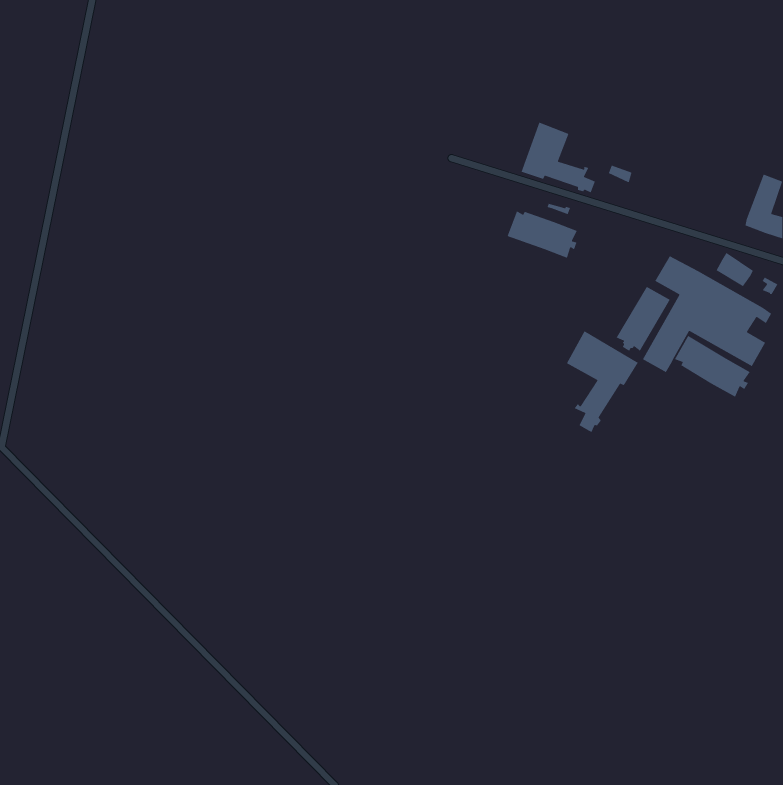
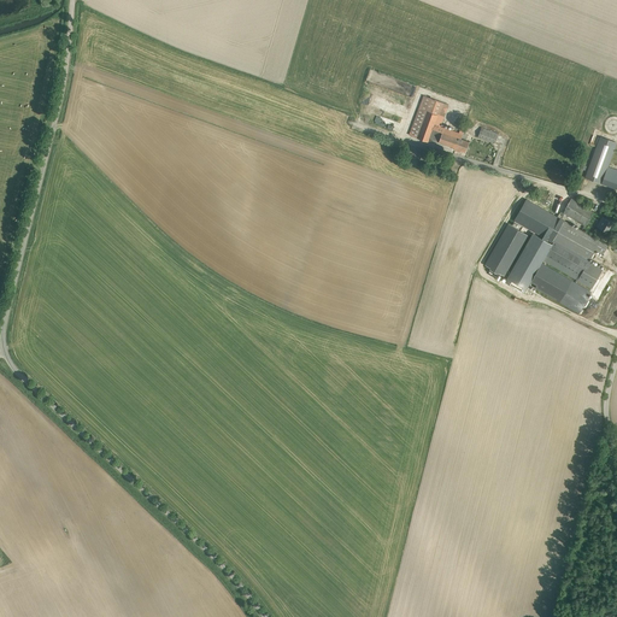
building: [507,210,578,259] -> none
building: [566,330,639,433] -> none

